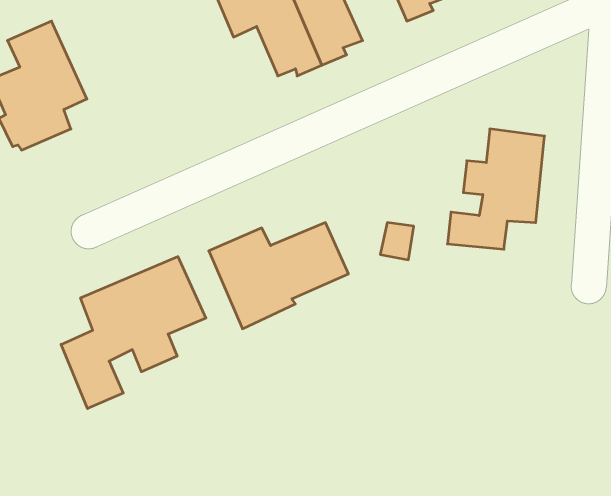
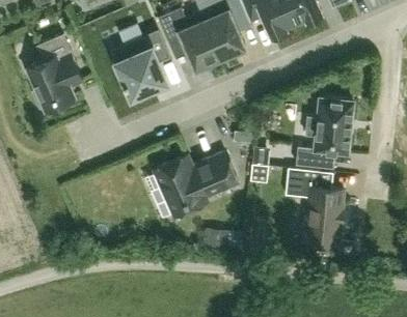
building: none -> [112,31,169,100]
building: none -> [284,169,344,244]
building: [61,257,206,409] -> none

